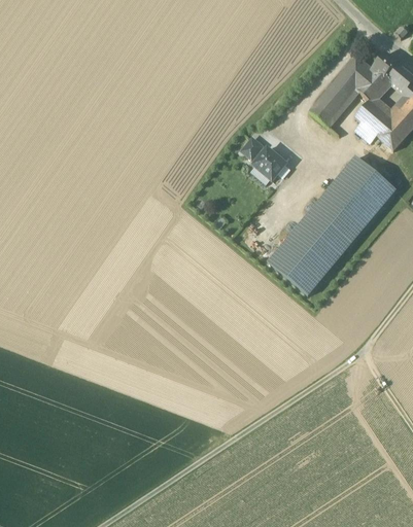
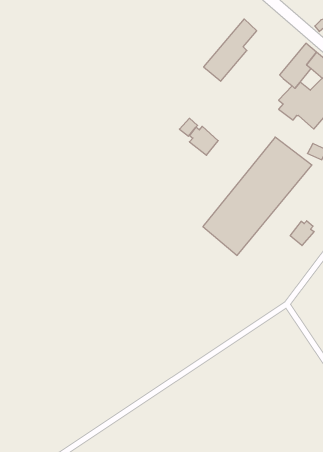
building: [310,57,371,128] -> [204,19,257,81]
building: none -> [290,221,314,246]

